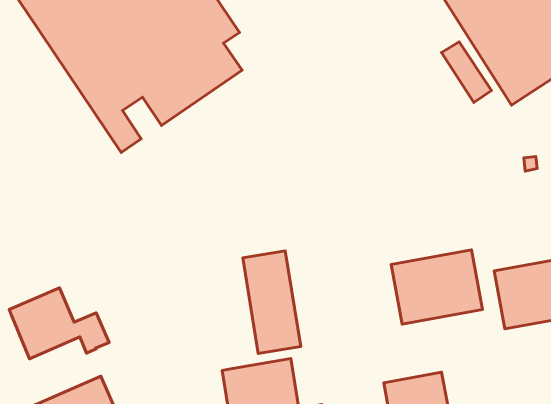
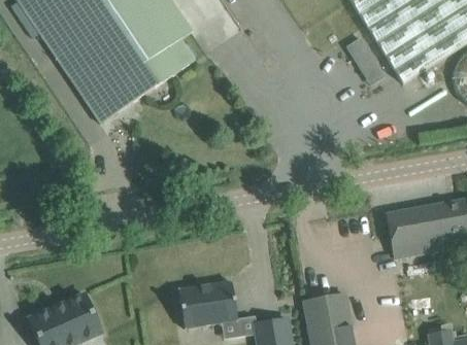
building: [391,250,483,324] -> none
building: [243,251,301,354] -> none
building: [9,288,109,359] -> none

